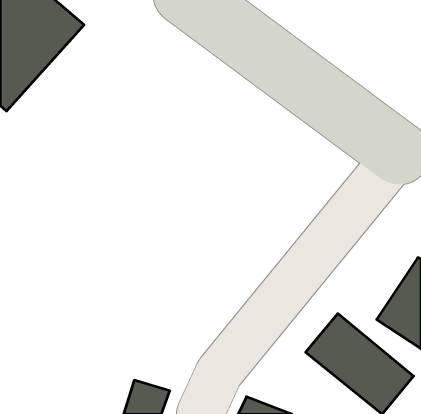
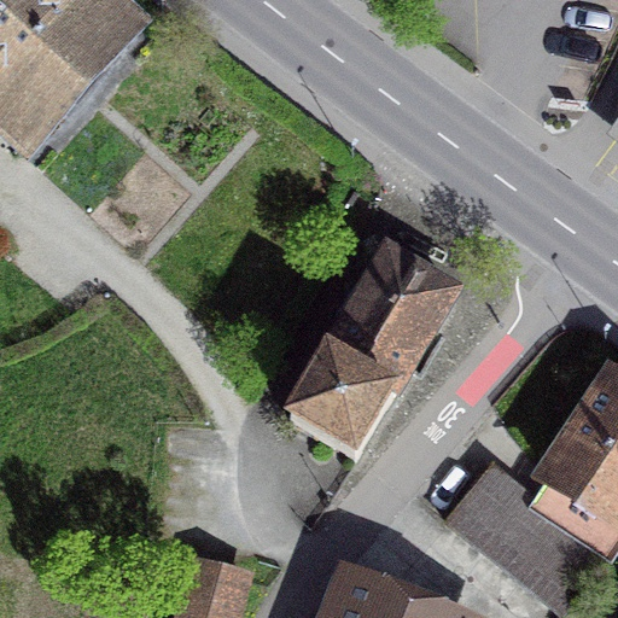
building: none -> [291,249,453,453]

